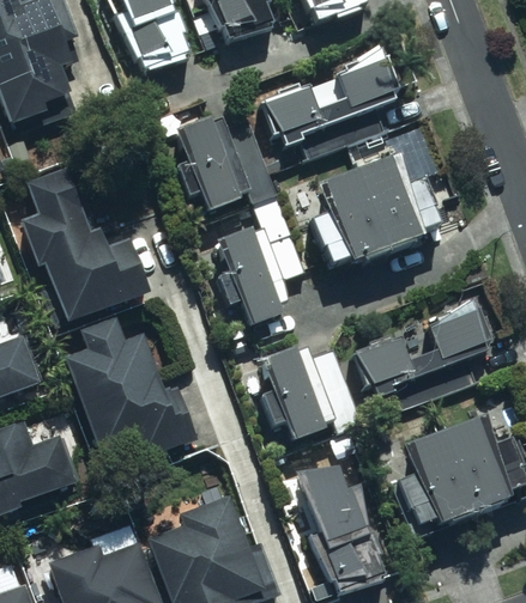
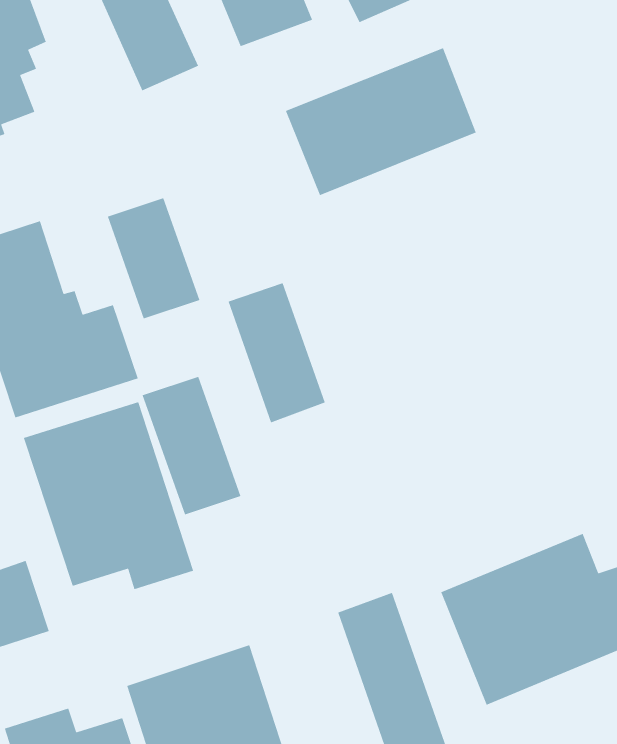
building: [177,114,248,206] -> [107,197,200,319]
building: [300,145,447,275] -> none
building: [352,302,494,400] -> none
building: [258,341,333,446] -> [142,376,242,515]

